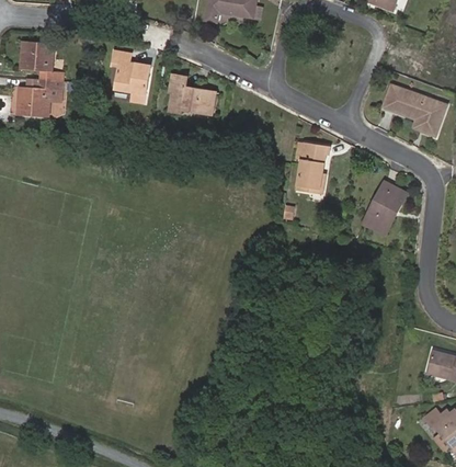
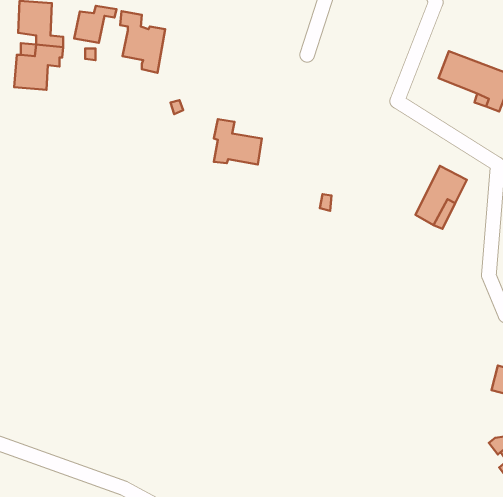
building: none -> [74,6,117,43]
building: [169,75,209,113] -> [214,119,262,164]
building: [296,141,329,191] -> none

